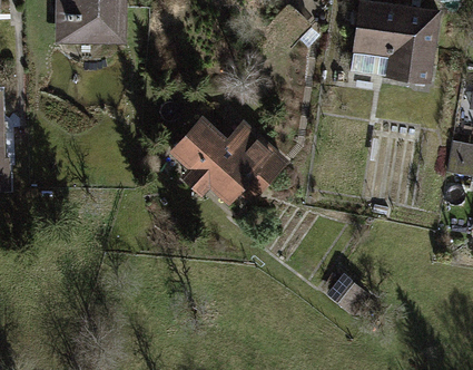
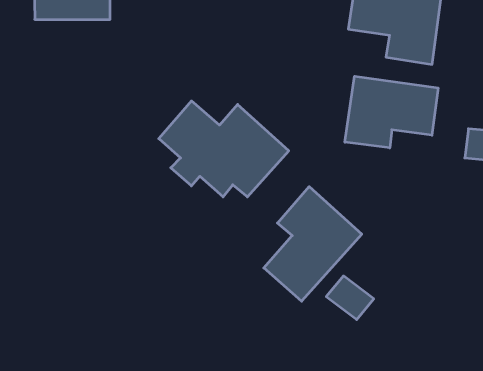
building: none -> [345,76,438,148]
building: none -> [264,187,362,301]

